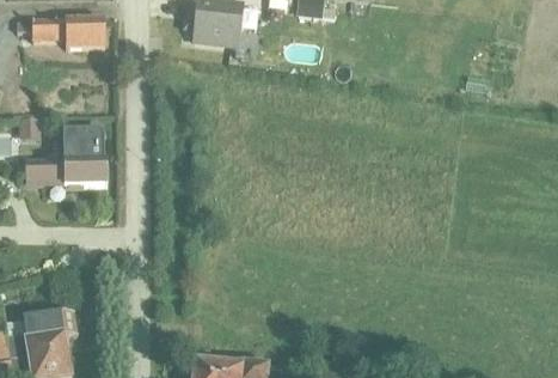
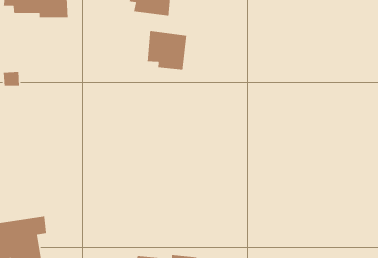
building: none -> [147,30,187,70]
building: [24,132,106,185] -> none

